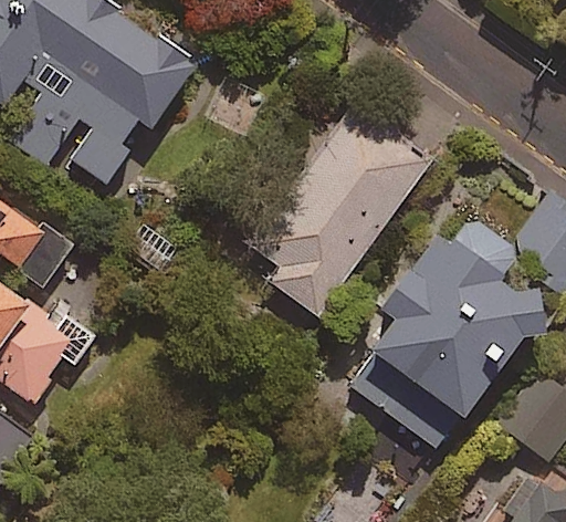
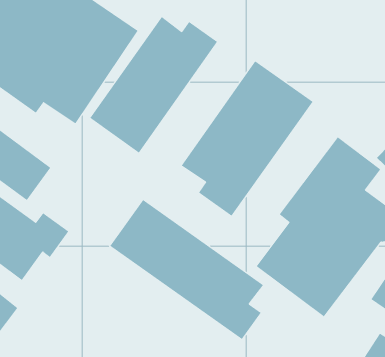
building: none -> [90,16,218,153]
building: none -> [110,199,264,340]

